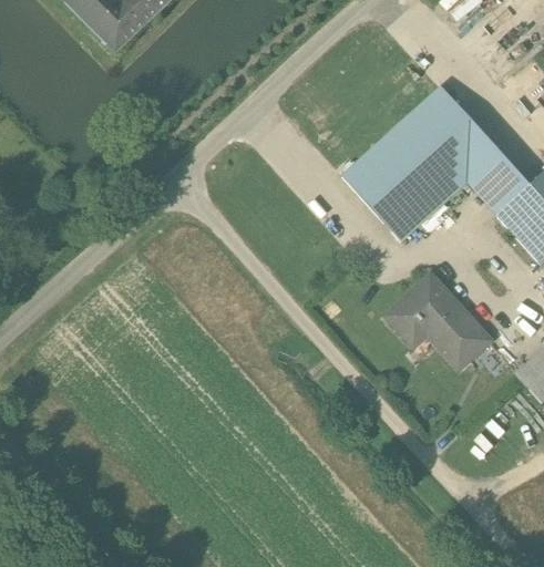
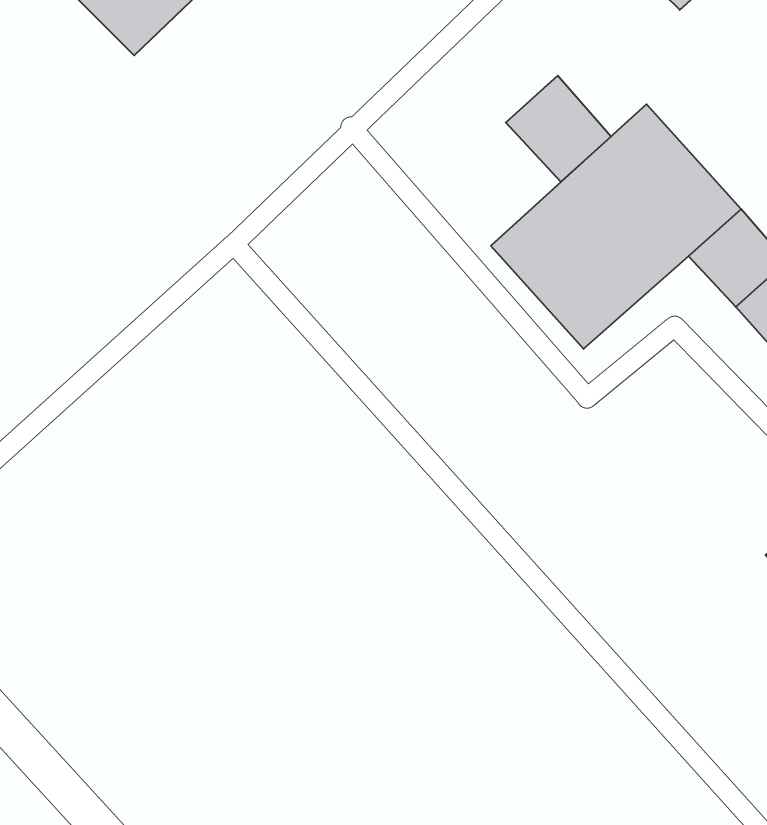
building: none -> [506,76,611,182]
building: [386,271,491,367] -> none

